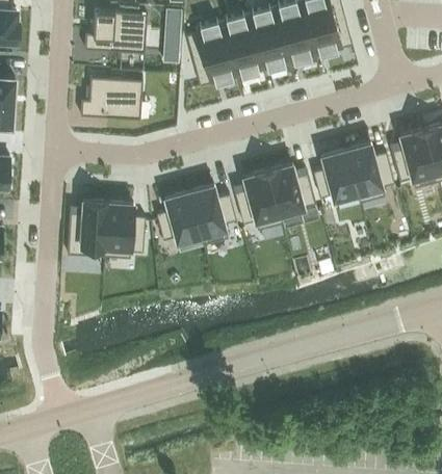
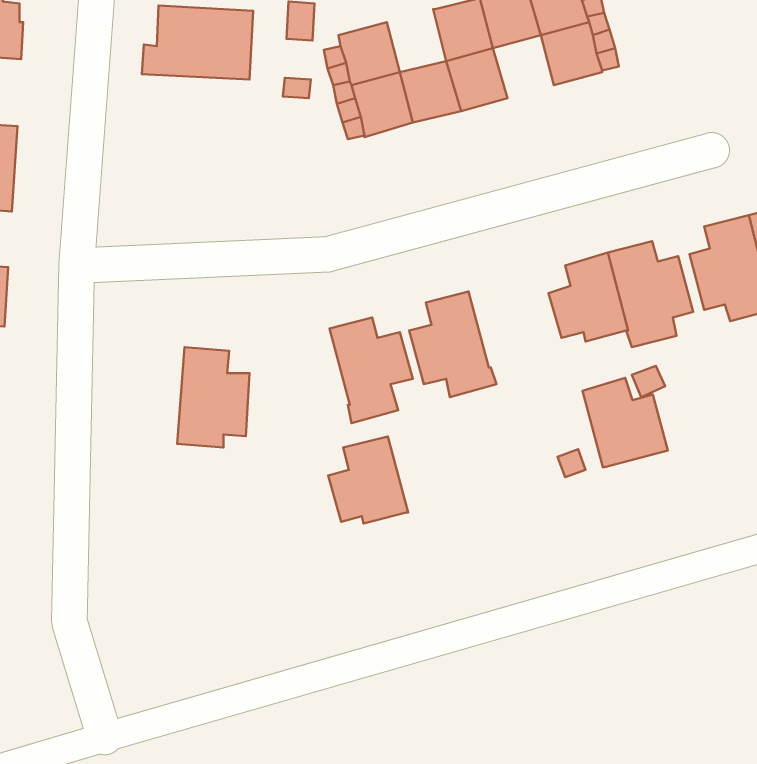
building: [222,12,255,48] -> none
building: [281,27,315,62] -> none
building: [80,77,142,118] -> none
building: [267,163,315,213] -> [582,378,668,467]
building: [156,191,201,240] -> [328,436,408,524]
building: [67,201,108,256] -> none

